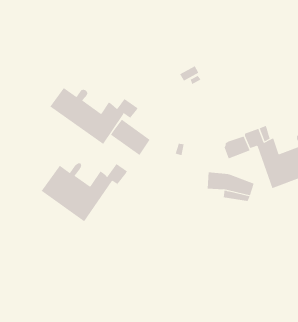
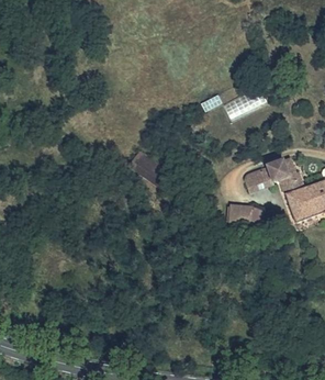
building: [50,87,138,145] -> none
building: [41,162,128,222] -> none

